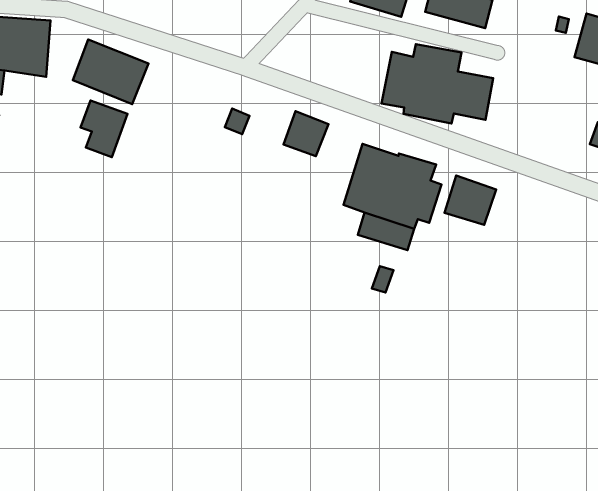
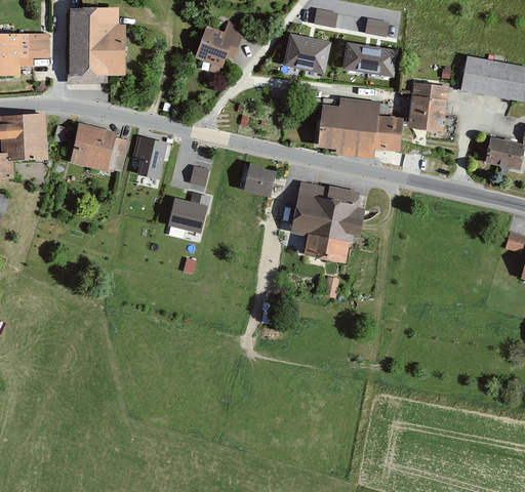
building: none -> [408,81,448,130]
building: [81,100,127,157] -> [134,135,170,178]
building: none -> [170,192,212,233]
building: [445,176,496,225] -> none

